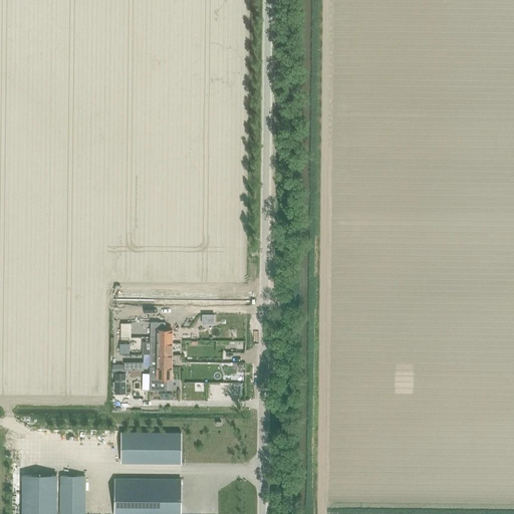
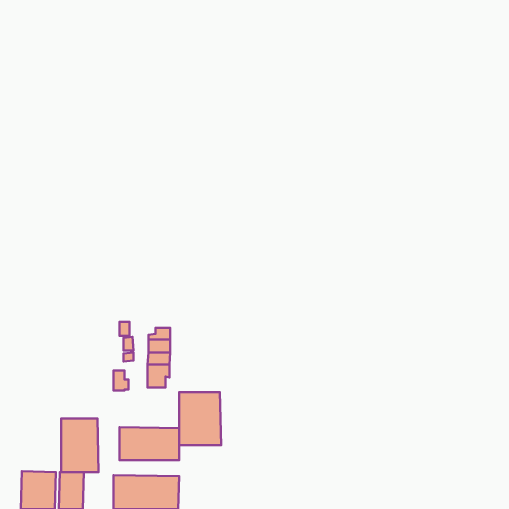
building: none -> [179,392,221,445]
building: none -> [61,418,99,472]

